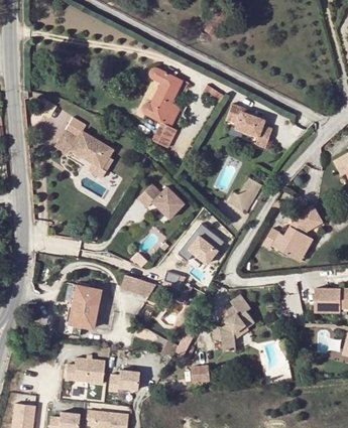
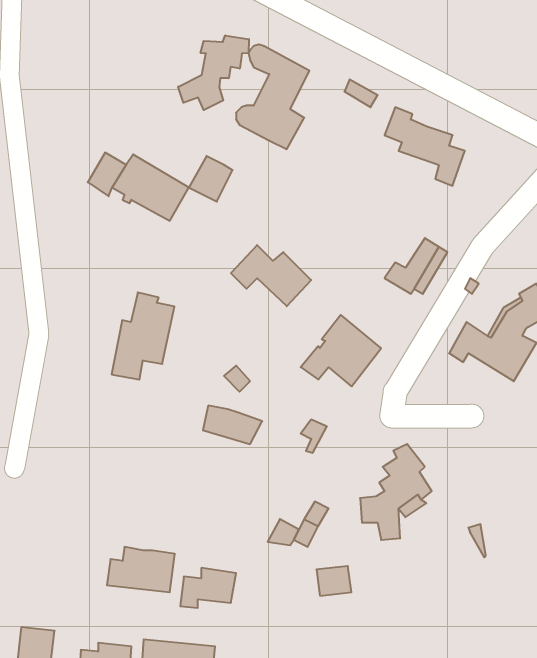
building: none -> [178,35,249,110]
building: [149,122,175,148] -> [189,156,233,202]
building: [64,285,100,335] -> [112,292,174,380]

